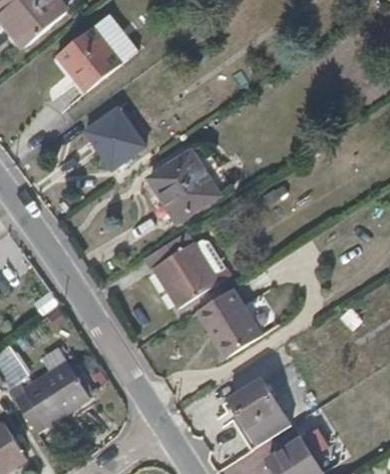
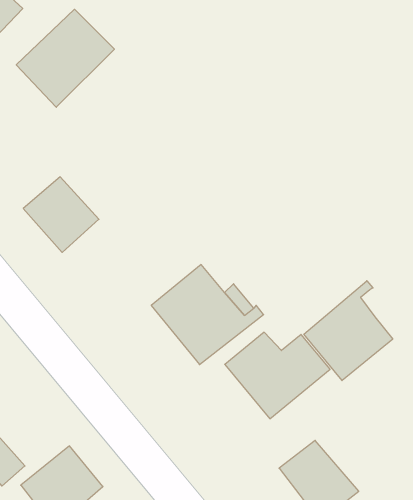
building: [84,109,143,169] -> [23,177,99,252]
building: [148,150,218,220] -> none
building: none -> [304,281,393,381]

